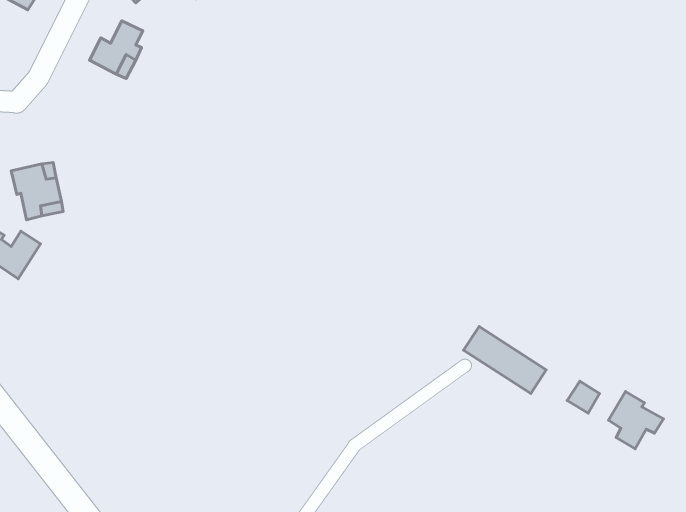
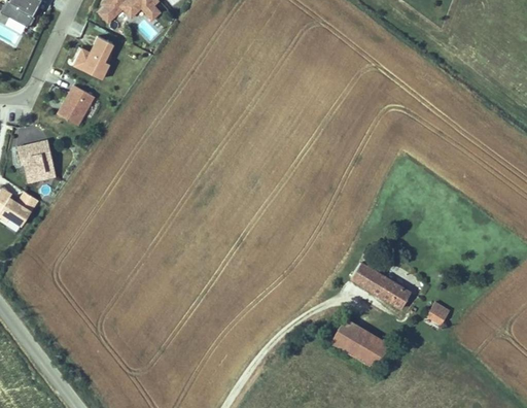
building: none -> [58,86,93,125]
building: [608,391,664,449] -> none
building: none -> [329,317,388,367]

